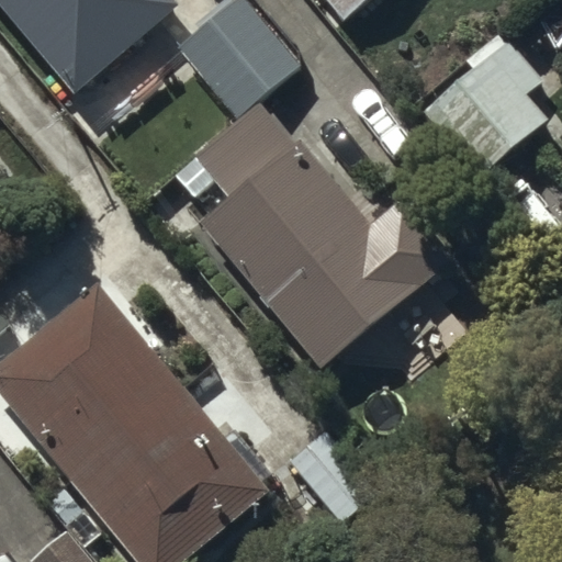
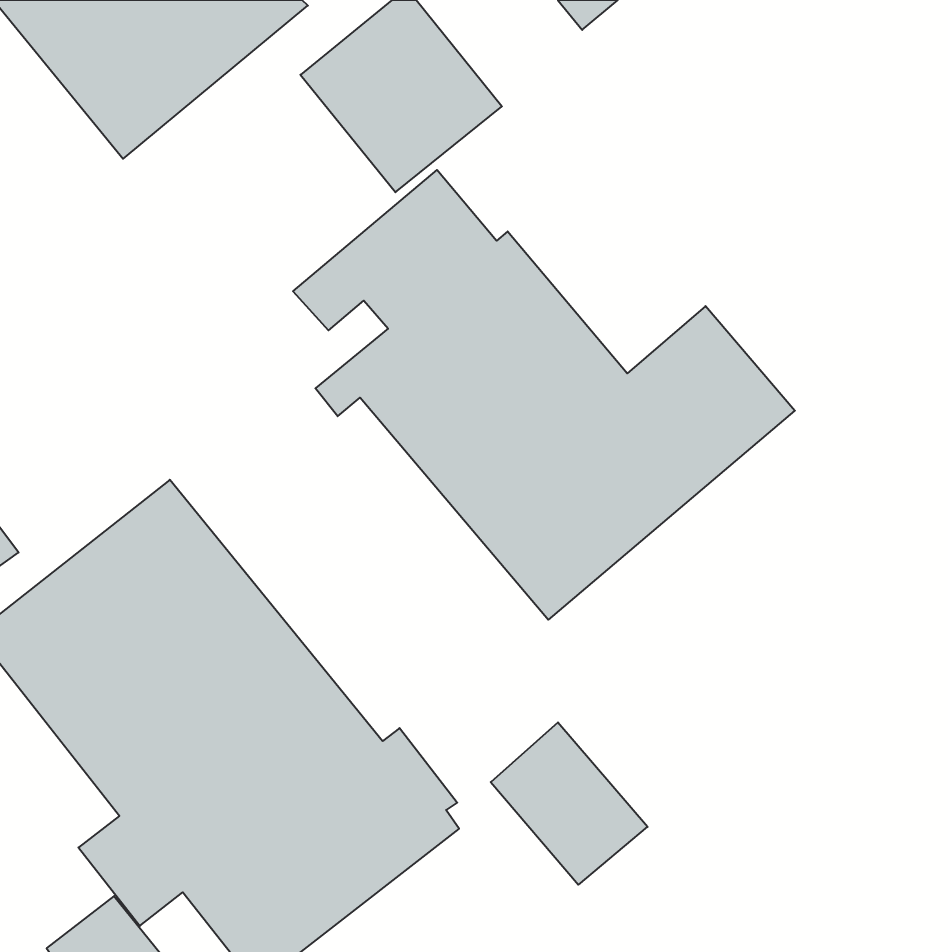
building: [423,31,546,176] -> none

